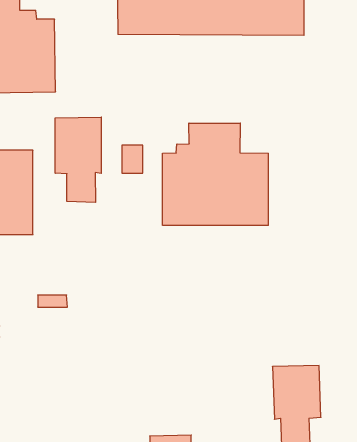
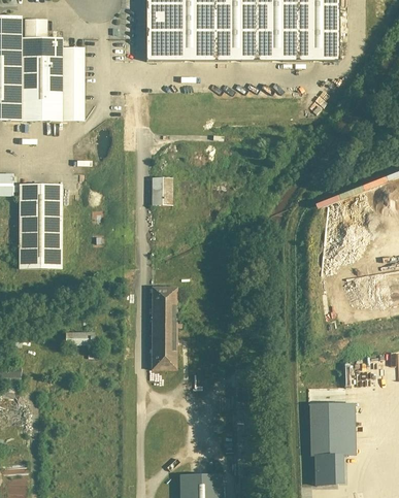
building: [55,117,101,202] -> none
building: [163,123,268,225] -> none
building: none -> [147,285,177,370]

